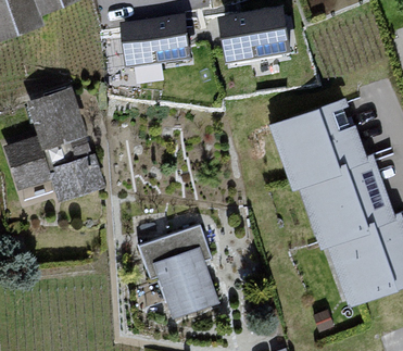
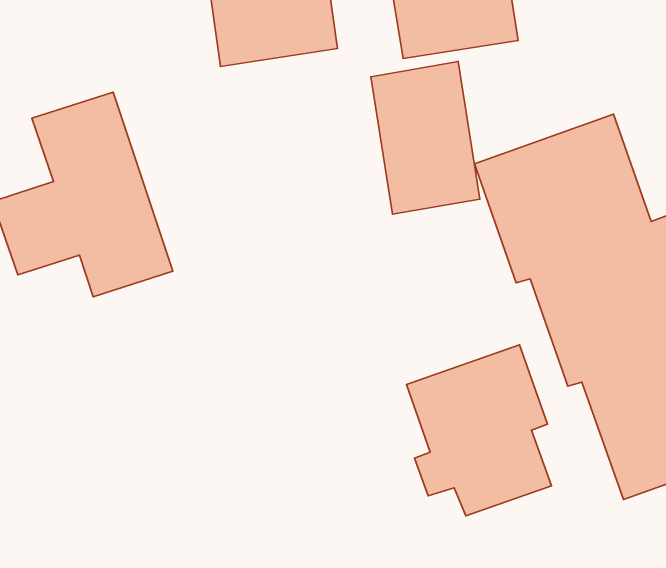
building: none -> [371,62,480,214]
building: [138,225,217,318] -> [406,345,551,516]

